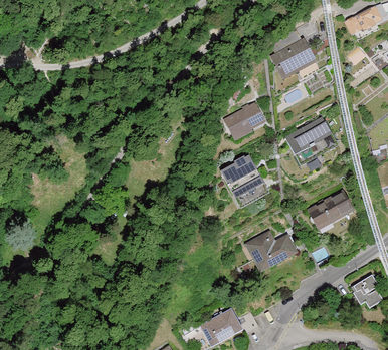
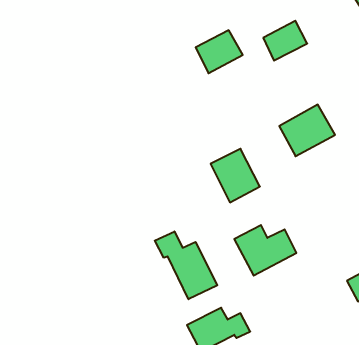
building: [222,102,266,142] -> [196,30,243,73]
building: [305,195,346,234] -> none
building: none -> [155,231,217,299]

